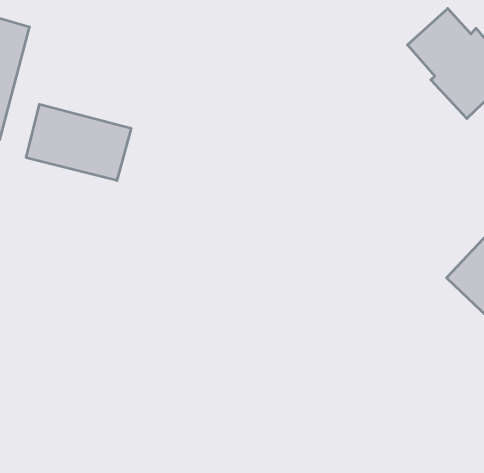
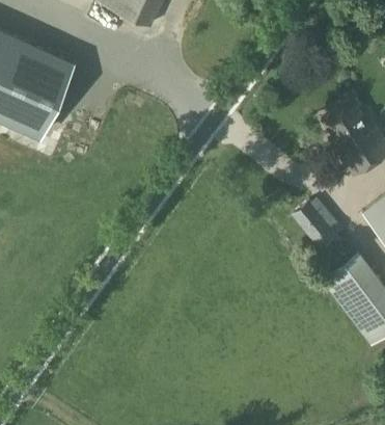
building: [26,104,131,181] -> none
building: none -> [292,196,338,246]

